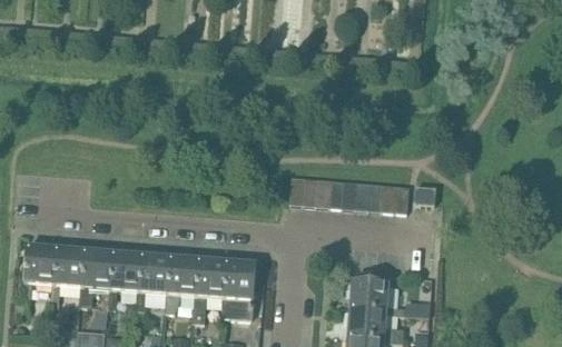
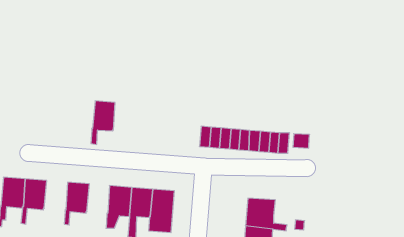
building: [79,249,112,306] -> none
building: [136,254,168,311] -> [91,101,115,144]

